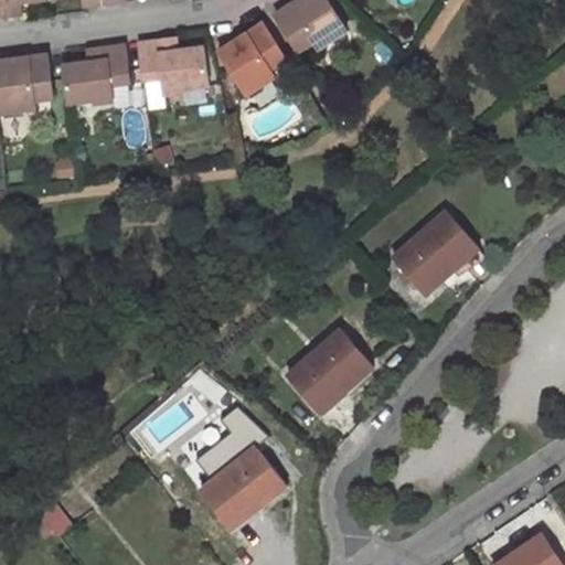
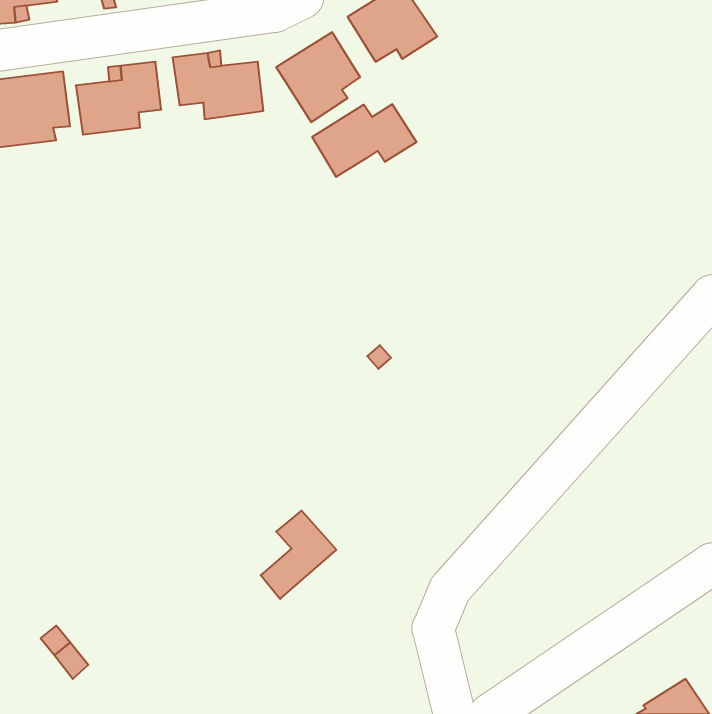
building: none -> [312,104,416,177]
building: [393,210,477,294] -> none
building: [286,328,372,411] -> none
building: [200,447,285,526] -> none

